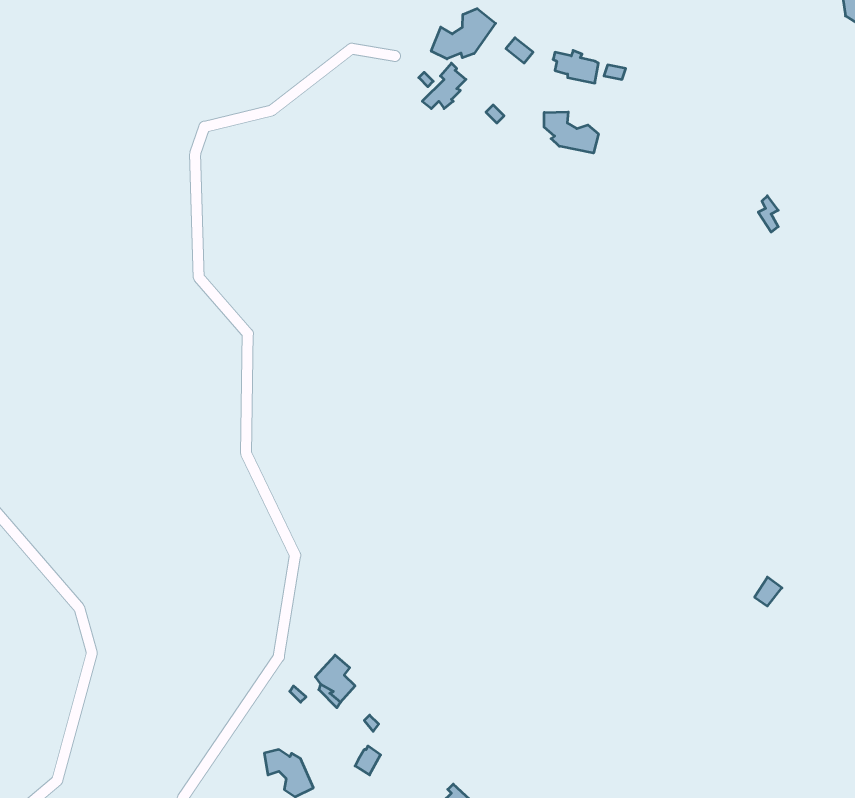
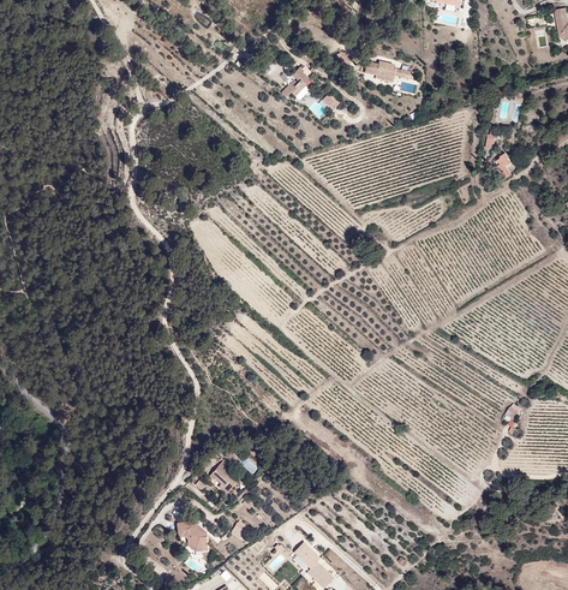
building: [431,9,496,59] -> none
building: [544,112,598,153] -> none

